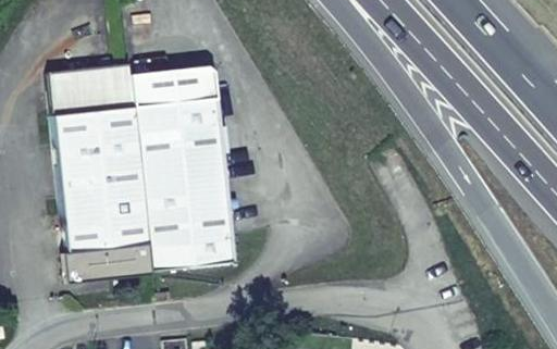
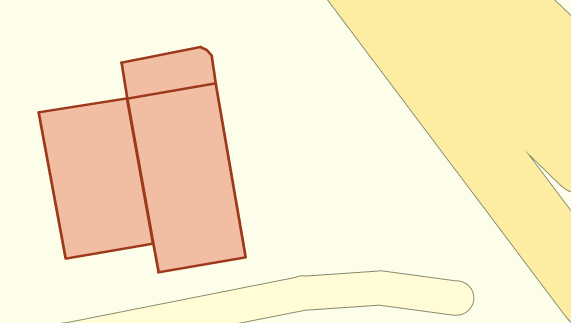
building: [46,64,135,116] -> none
building: [62,246,153,285] -> none

